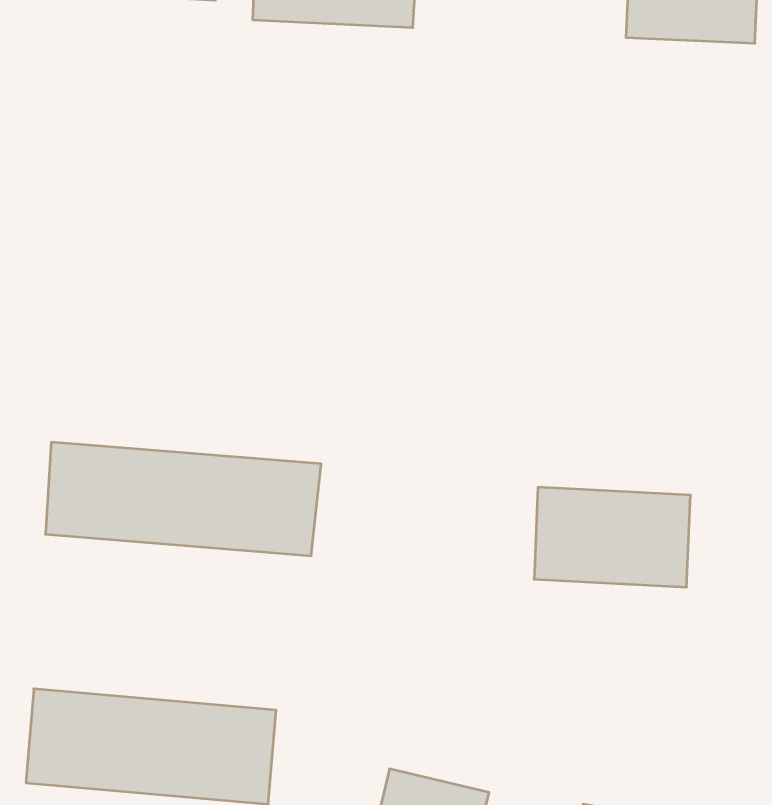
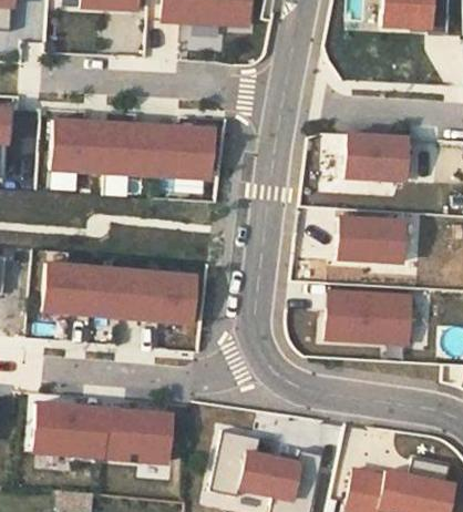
building: none -> [52,116,217,180]
building: none -> [337,129,403,180]
building: none -> [329,212,401,262]

